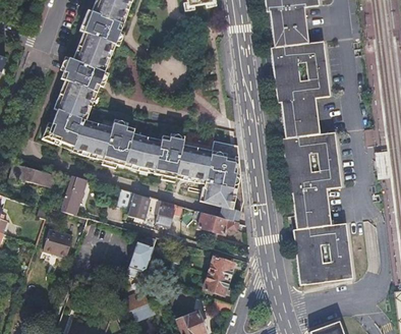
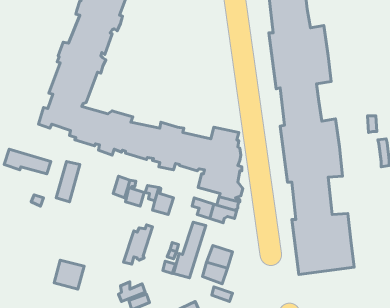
building: [43,229,72,258] -> [54,260,84,289]
building: none -> [173,222,206,278]

